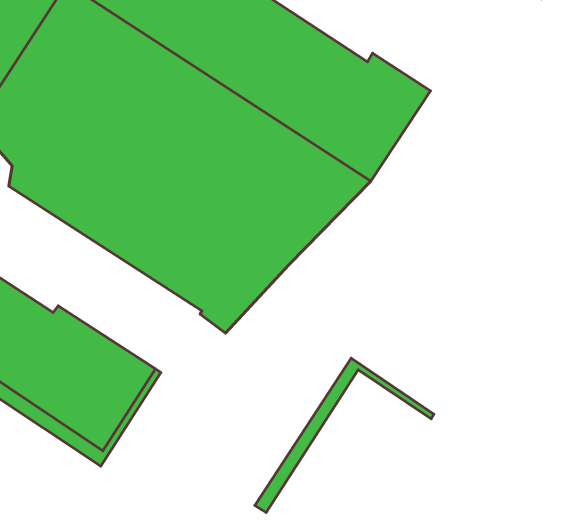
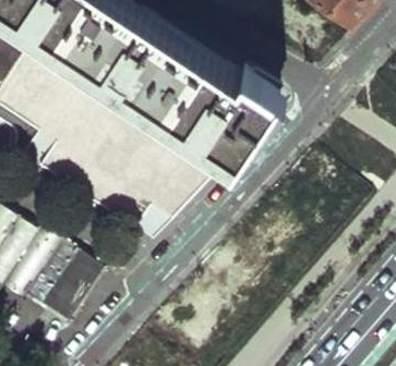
building: [255,358,434,512] -> none

